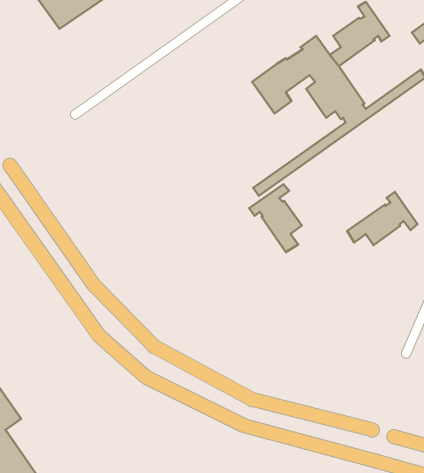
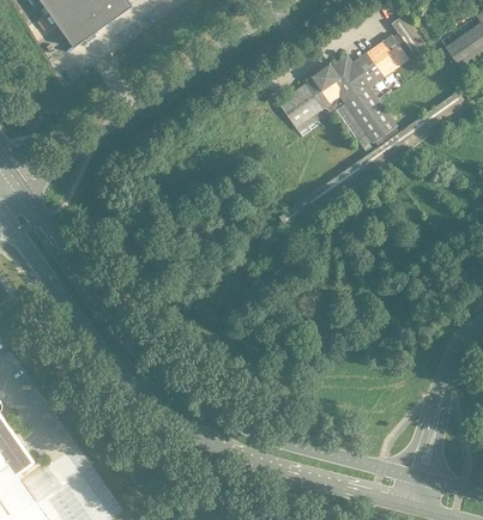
building: [249,184,302,252] -> none
building: [347,192,418,245] -> none

